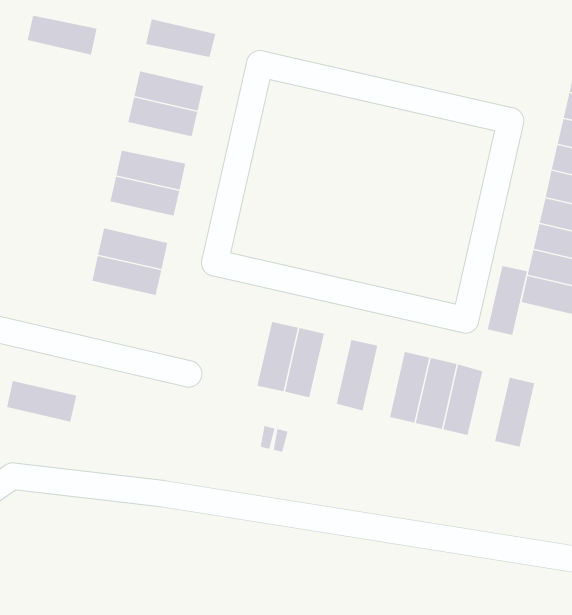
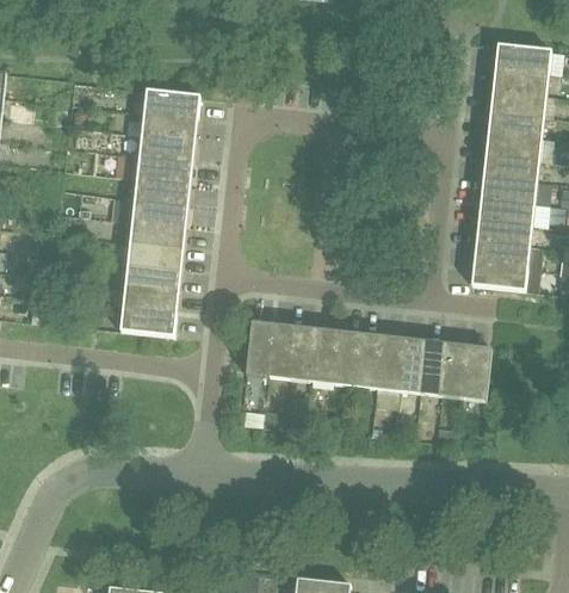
building: [27,15,98,56] -> [141,110,197,137]
building: none -> [134,174,190,202]
building: none -> [126,240,183,267]
building: [487,265,528,336] -> [440,341,468,397]
building: none -> [243,319,271,375]
building: none -> [309,326,336,382]
building: none -> [353,331,381,388]
building: [6,380,77,423] -> [119,305,175,334]

